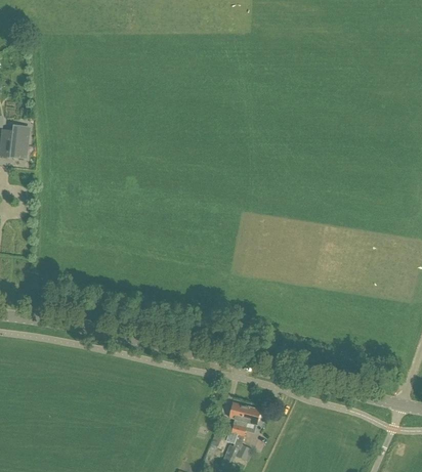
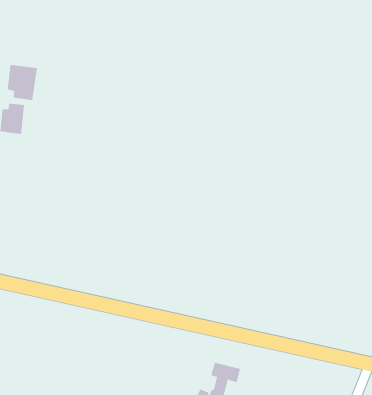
building: none -> [7,64,38,101]

